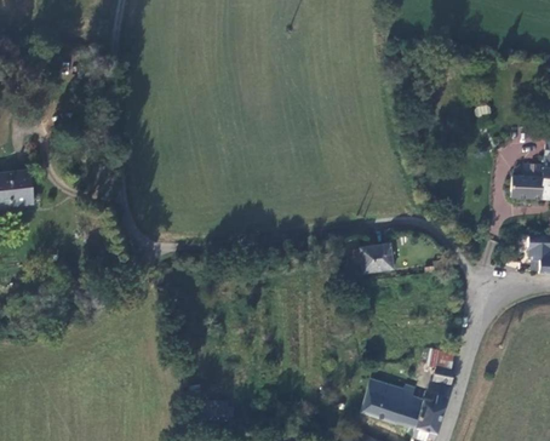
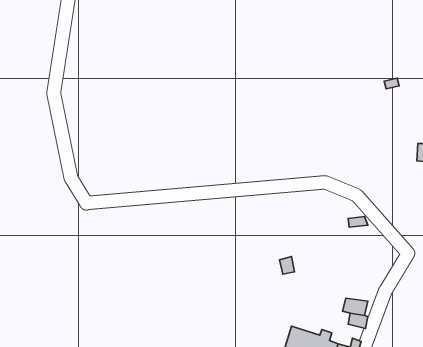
building: [360,242,390,271] -> none

